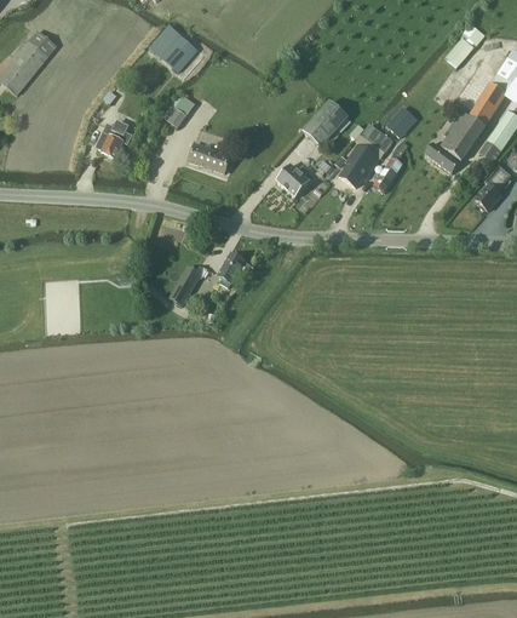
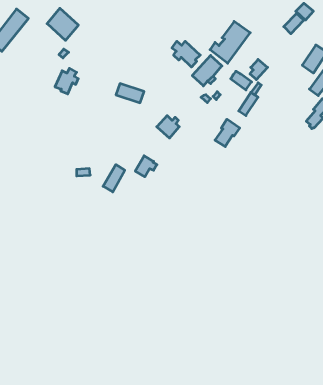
building: [149,23,196,71] -> [47,8,78,40]
building: none -> [172,41,200,67]
building: [163,92,195,126] -> none
building: [425,109,486,172] -> [210,21,250,63]
building: [340,143,378,184] -> [215,119,240,147]
building: [275,162,309,196] -> [157,116,179,138]

